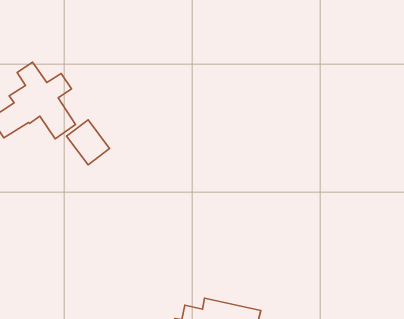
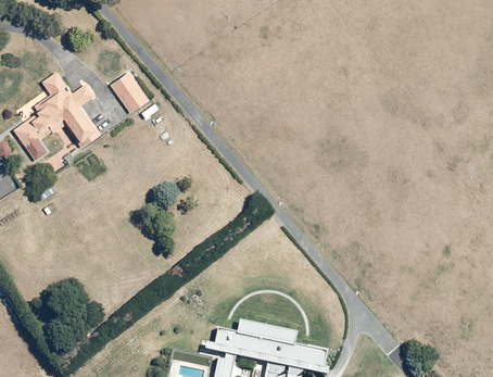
building: [67,120,110,165] -> [108,66,153,114]

